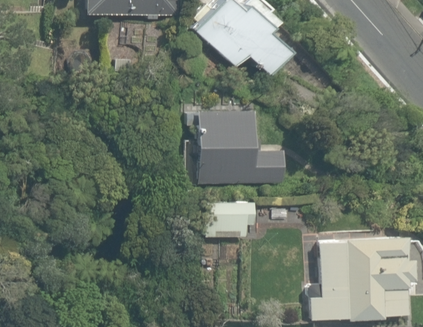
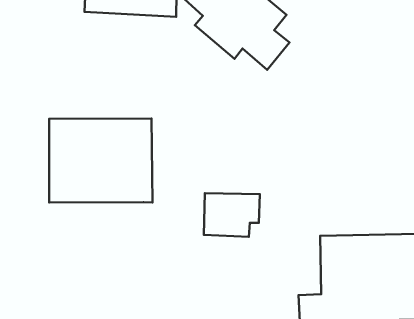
building: [186,102,292,183] -> none
building: none -> [49,119,152,203]

